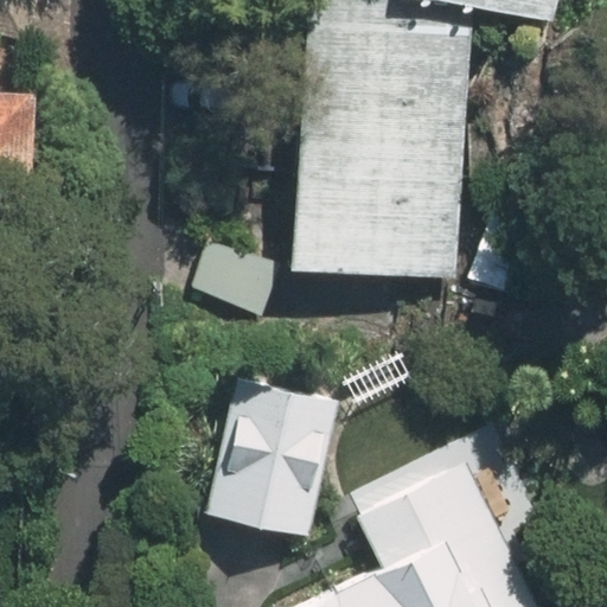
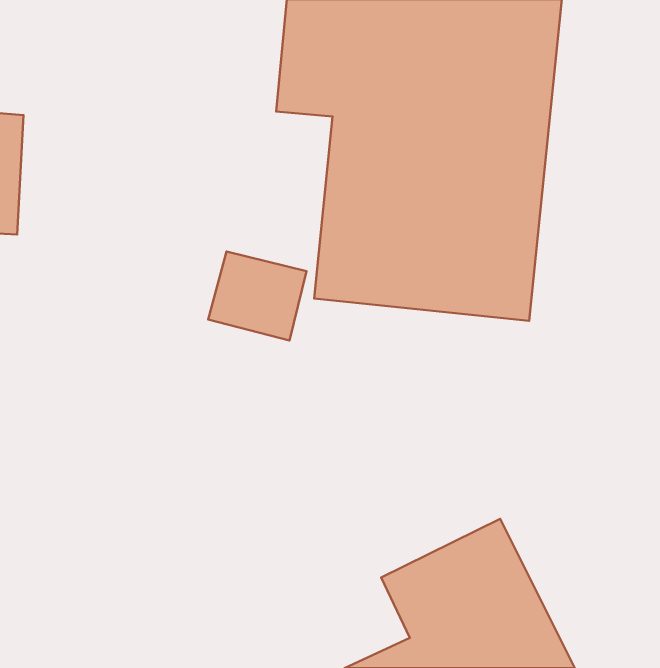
building: [210,356,345,523] -> none

